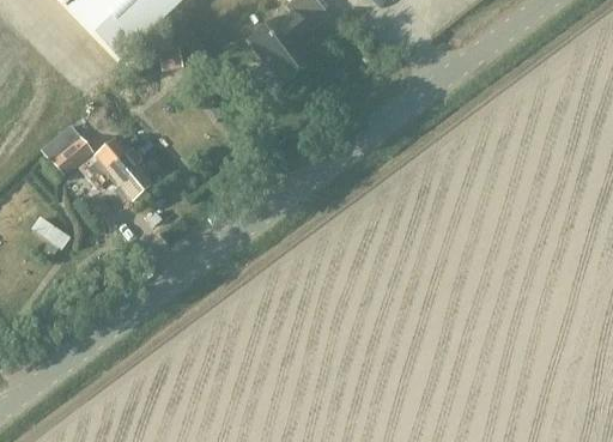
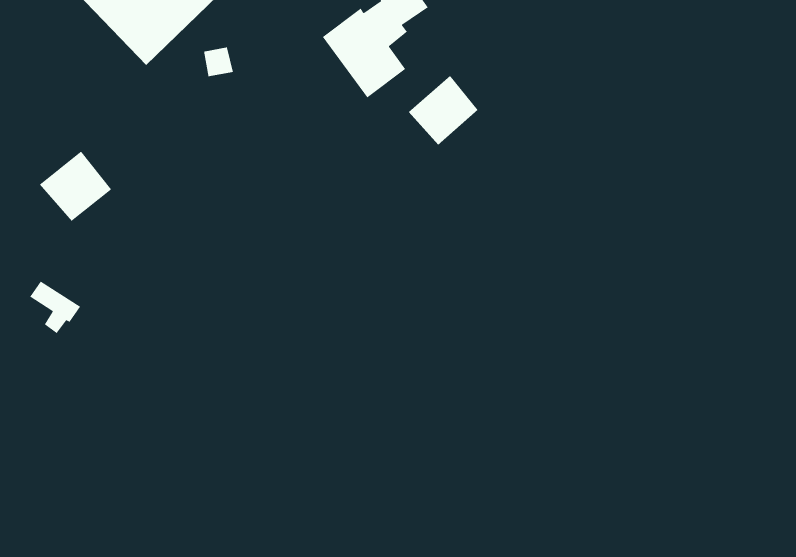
building: none -> [408,75,479,146]
building: [80,138,153,198] -> none

